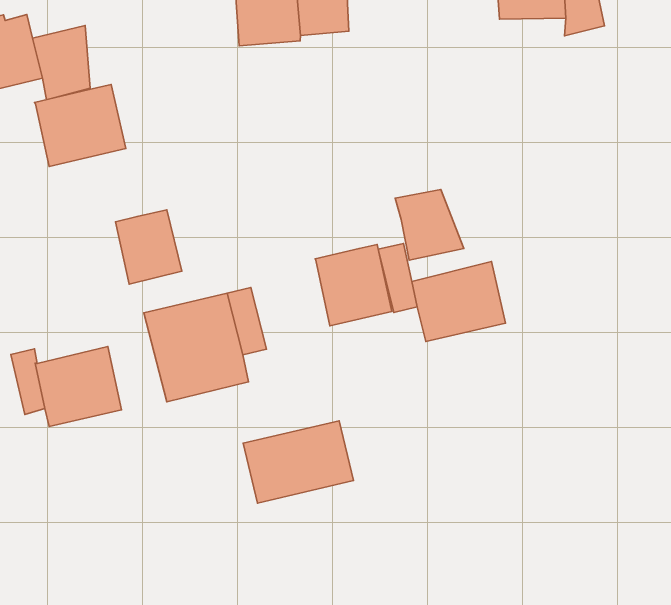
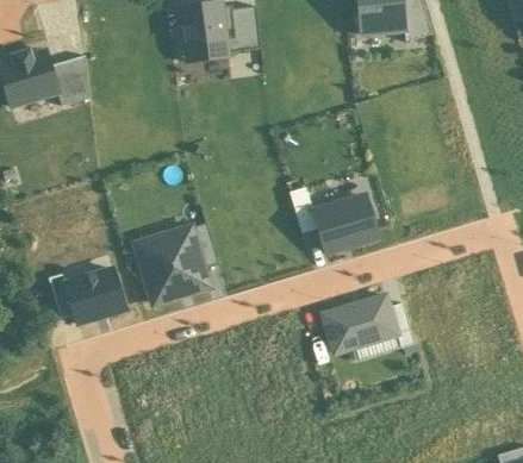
building: [35,84,126,167] -> none
building: [395,189,464,260] -> none
building: [115,210,182,284] -> none
building: [315,245,392,326] -> none
building: [243,421,353,503] -> [322,295,397,353]

